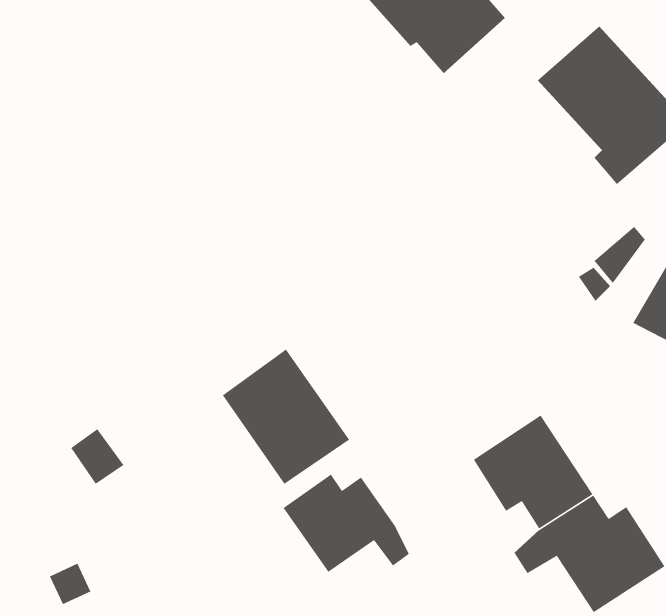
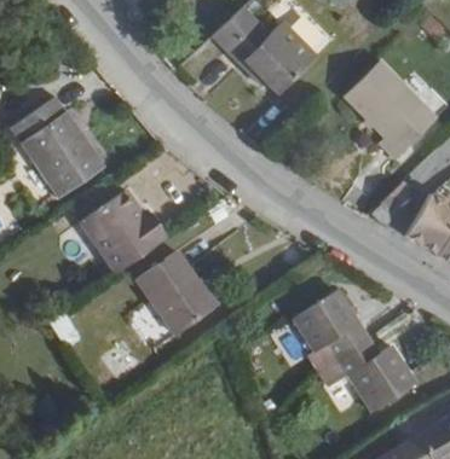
building: none -> [17,95,112,197]
building: none -> [81,192,167,275]
building: [282,474,410,573] -> none

